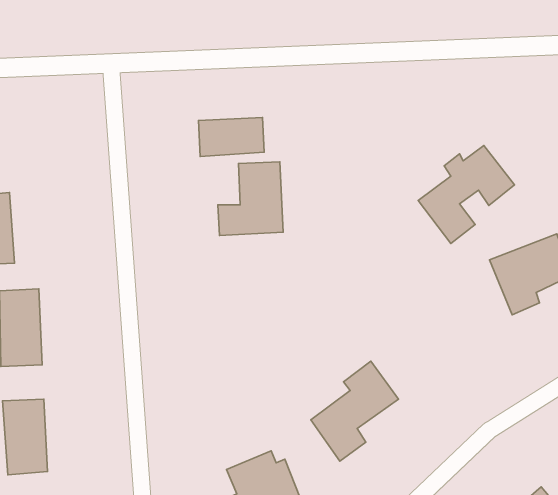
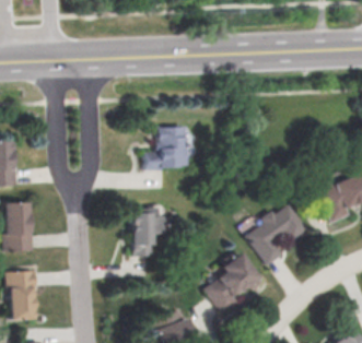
building: [198,118,264,157] -> none
building: [418,145,515,243] -> [246,202,307,264]
building: none -> [131,201,164,256]

